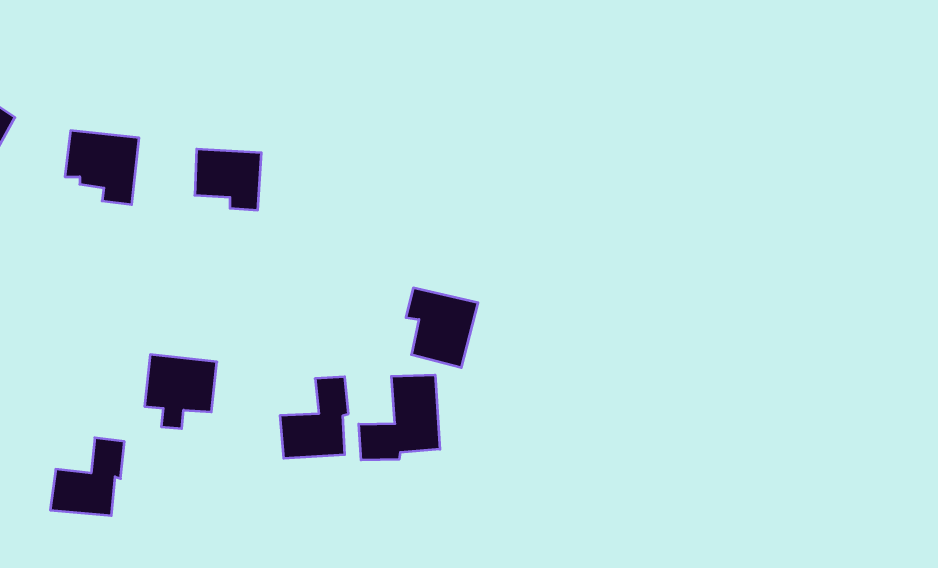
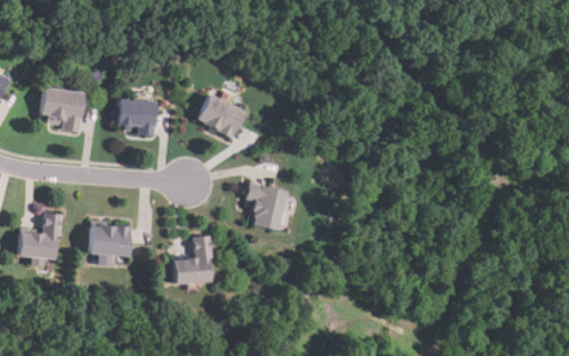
building: none -> [198,93,246,138]
building: [359,375,440,460] -> none
building: [50,438,124,516] -> [18,212,62,259]

